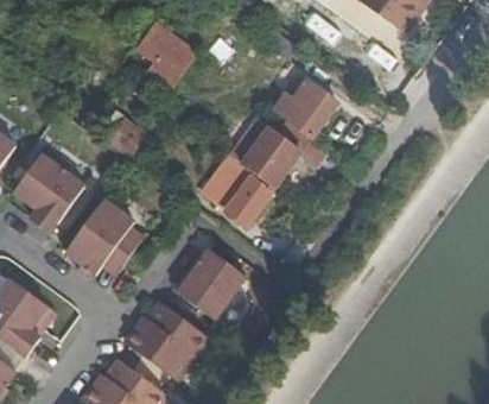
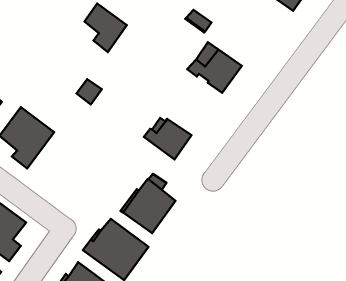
building: [221,113,322,187] -> none
building: [66,201,145,276] -> none

